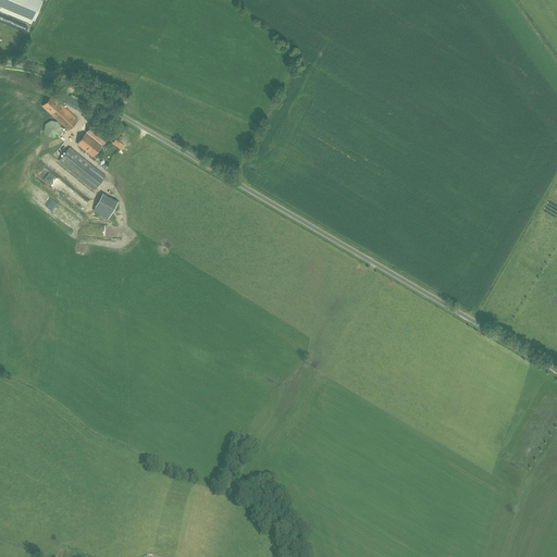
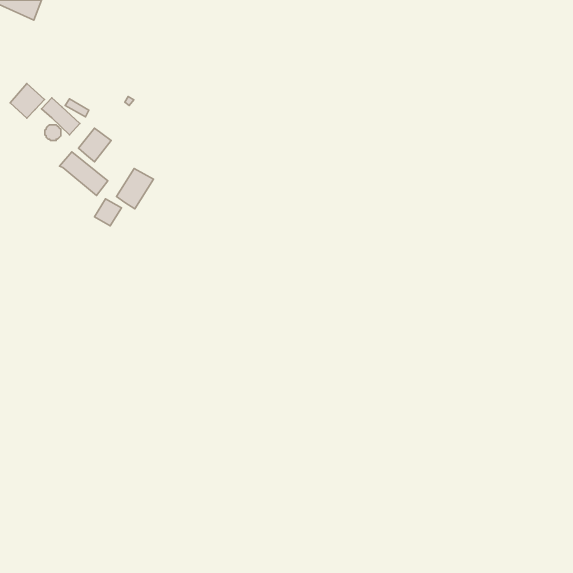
building: none -> [10,83,45,118]
building: none -> [117,169,153,209]

